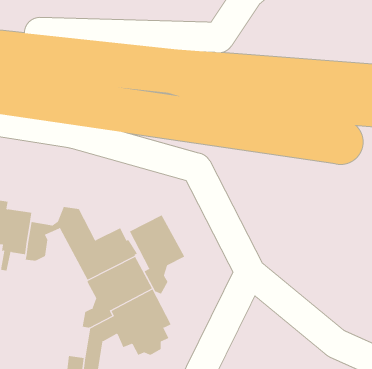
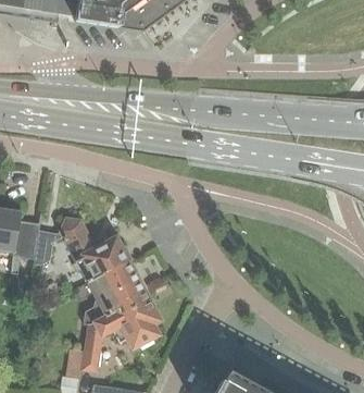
building: [129,214,185,295] -> none

